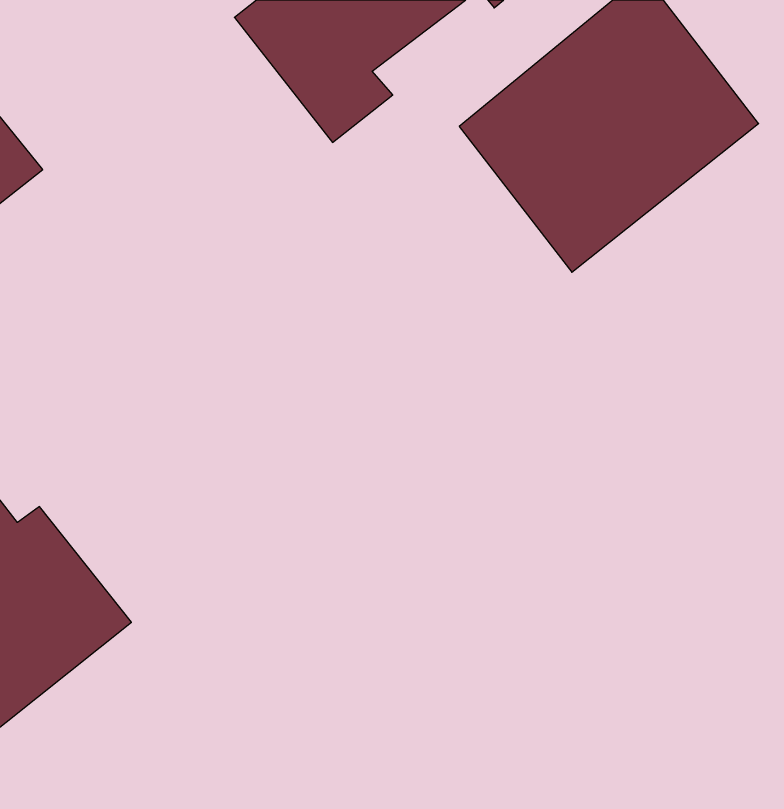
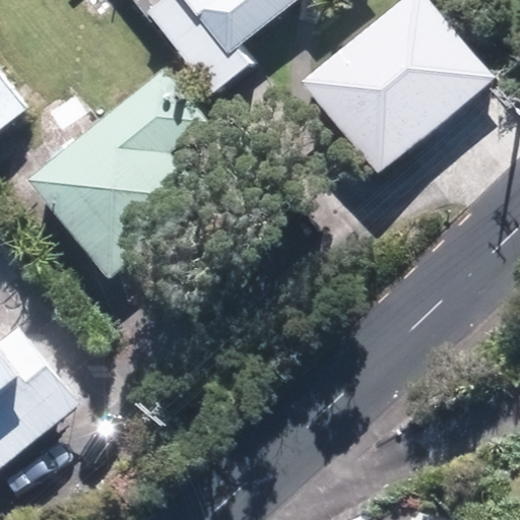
building: none -> [32,67,213,278]

